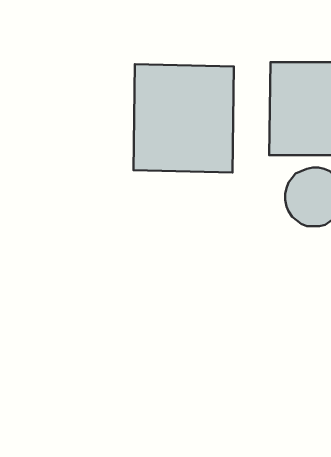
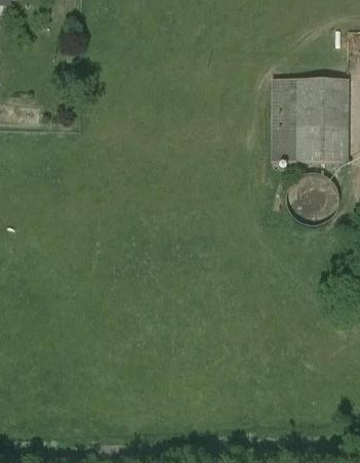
building: [134,64,234,173] -> none

